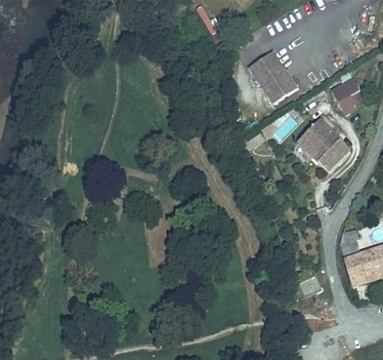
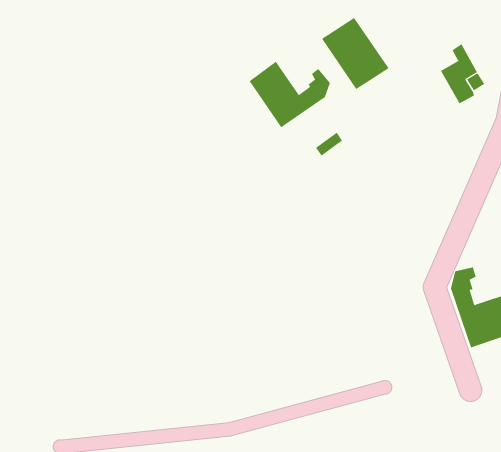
building: none -> [249,61,330,128]
building: [298,119,349,171] -> none

